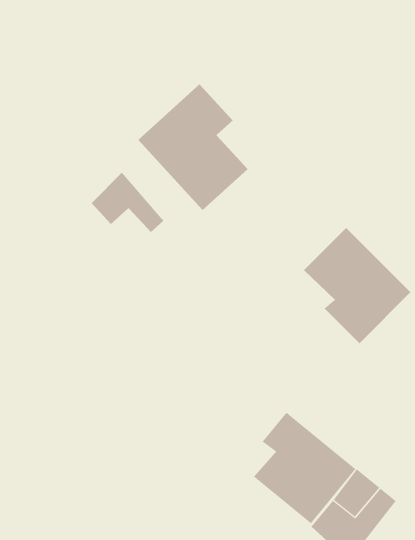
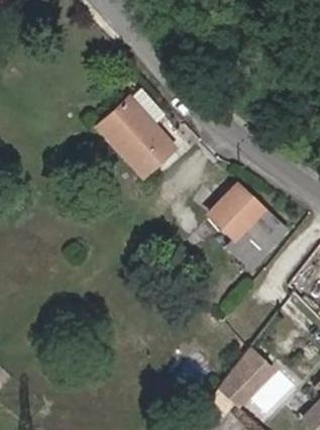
building: [91,172,164,233] -> none
building: [253,412,356,524] -> none

